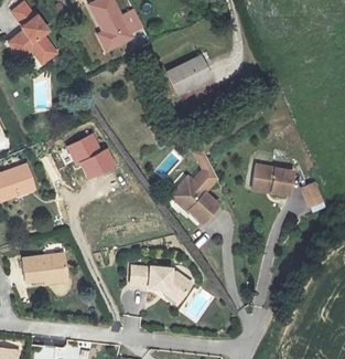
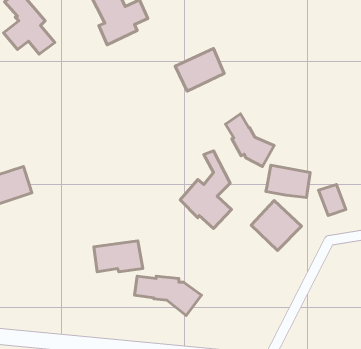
building: none -> [225,114,274,166]
building: [69,135,117,179] -> none
building: none -> [251,200,302,250]
building: [23,254,68,283] -> [94,241,143,272]

